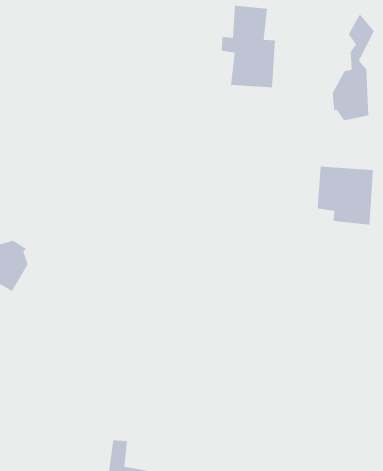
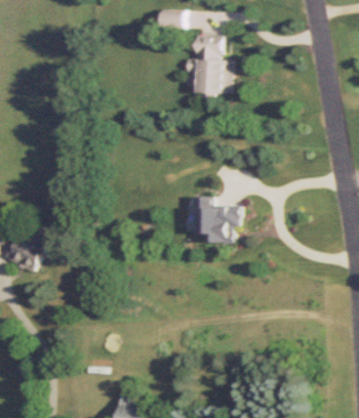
building: [332,13,375,121] -> none
building: [317,166,374,225] -> [194,199,237,243]

